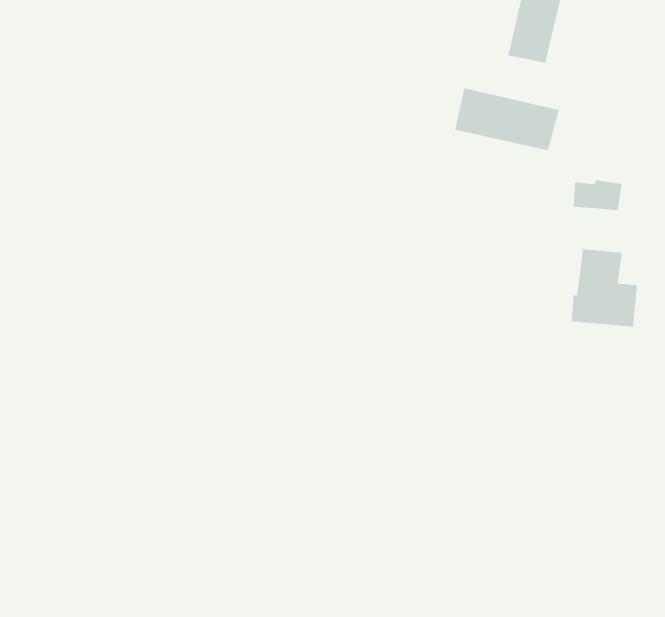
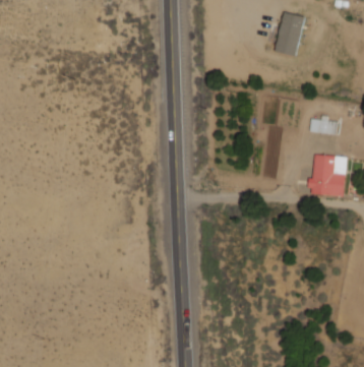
building: [455,87,559,151] -> none

